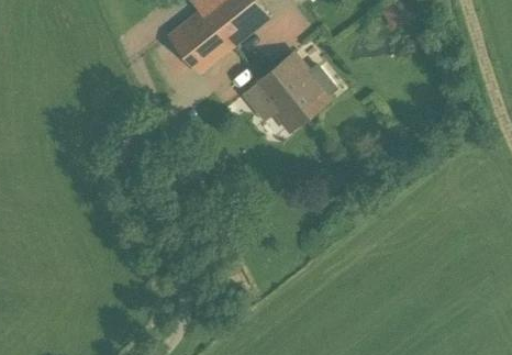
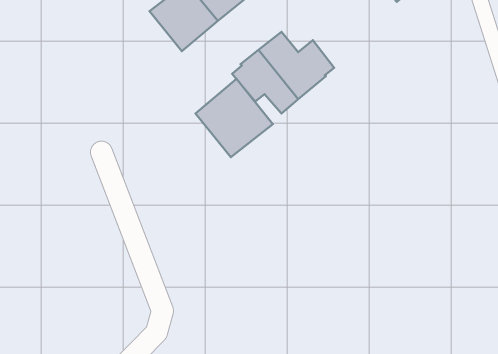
building: none -> [196,79,273,157]

